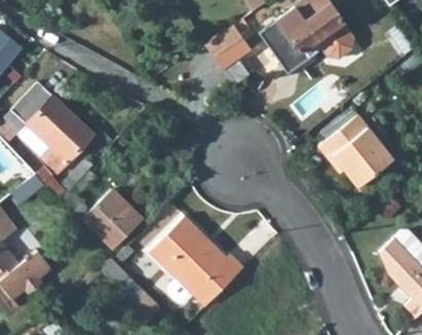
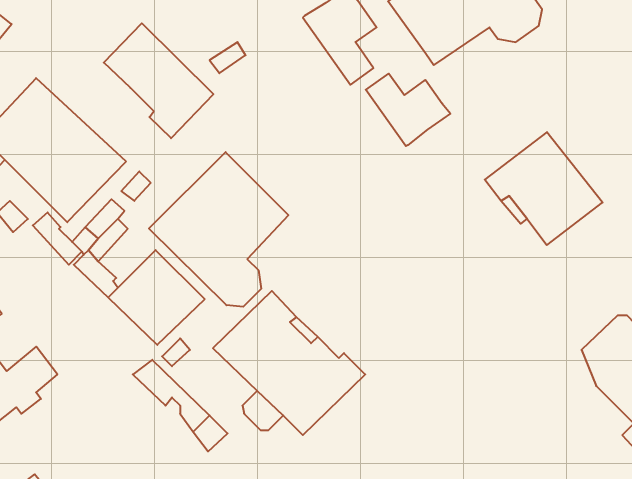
building: none -> [104,23,213,138]
building: none -> [366,74,450,146]
building: none -> [149,152,288,307]

